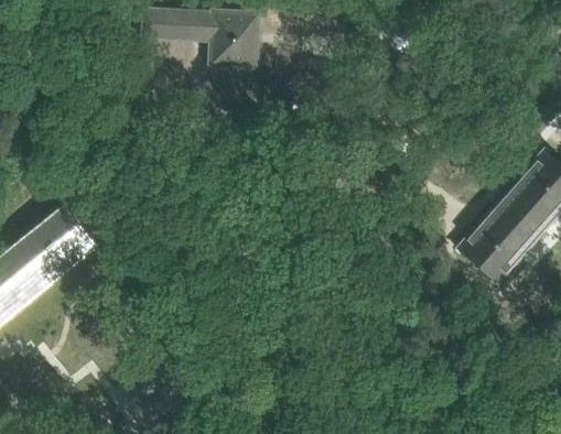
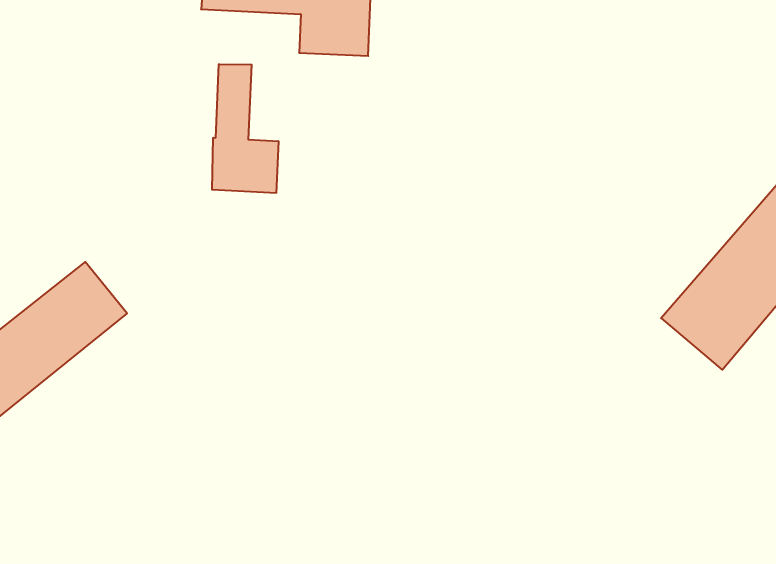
building: none -> [212,64,278,193]

